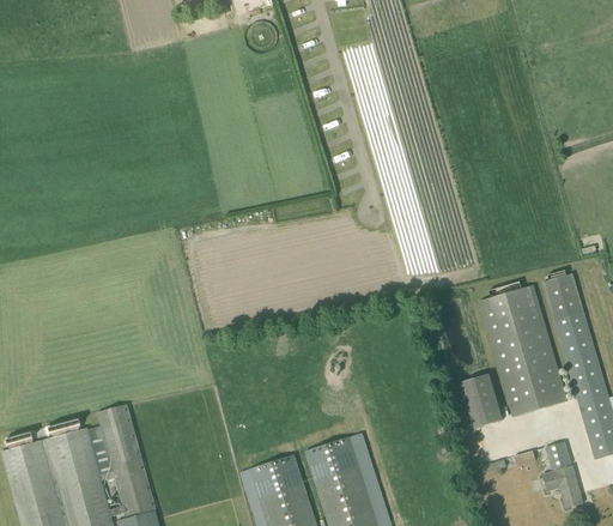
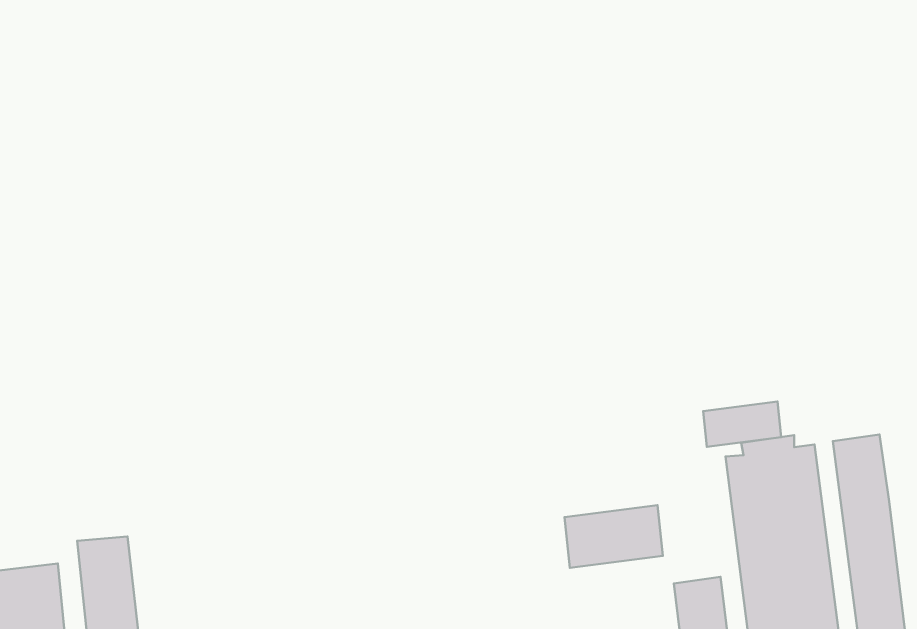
building: none -> [703,402,781,447]
building: none -> [564,505,663,568]

